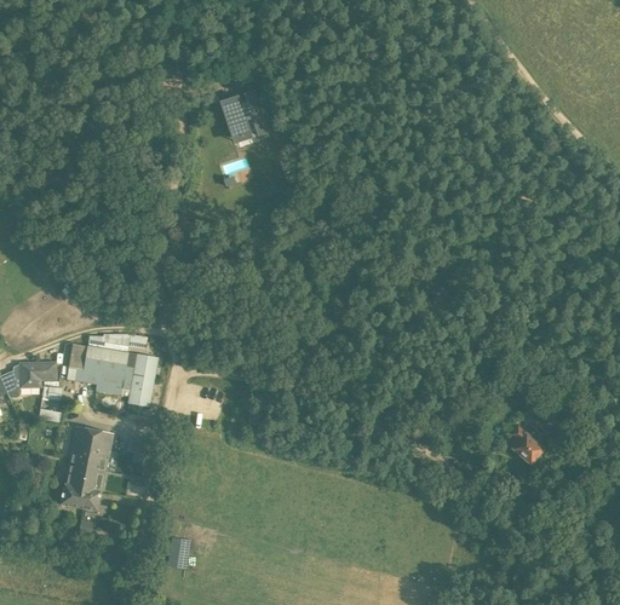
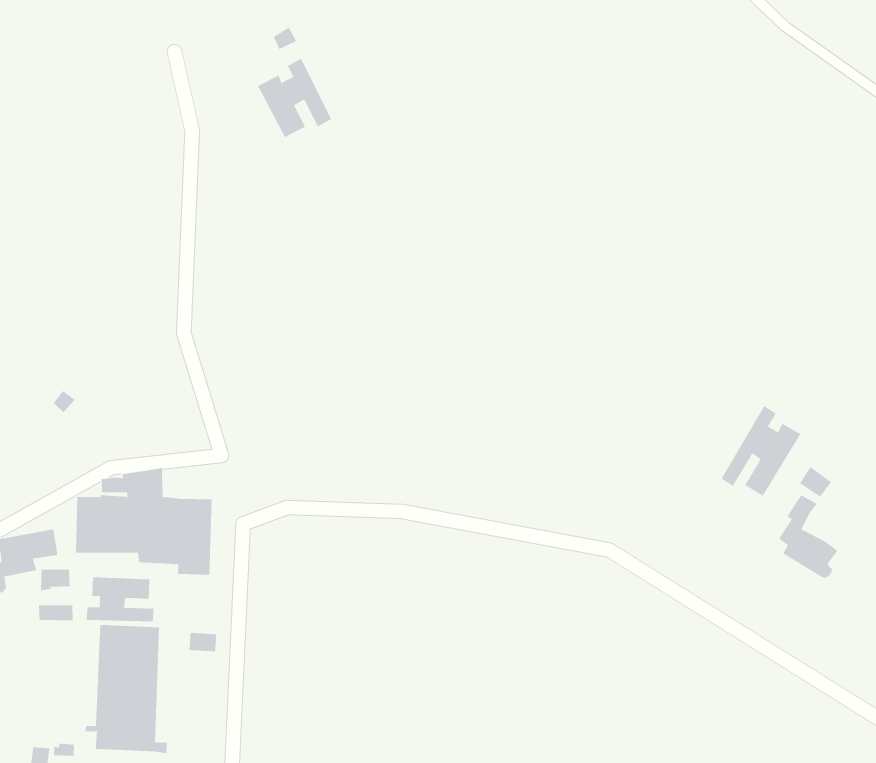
building: none -> [721,405,801,497]
building: none -> [86,577,154,622]

